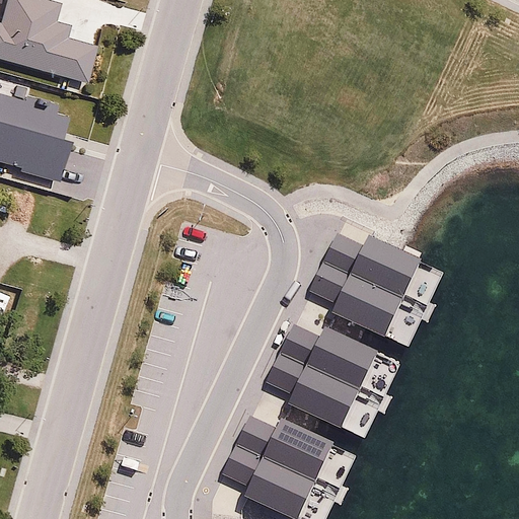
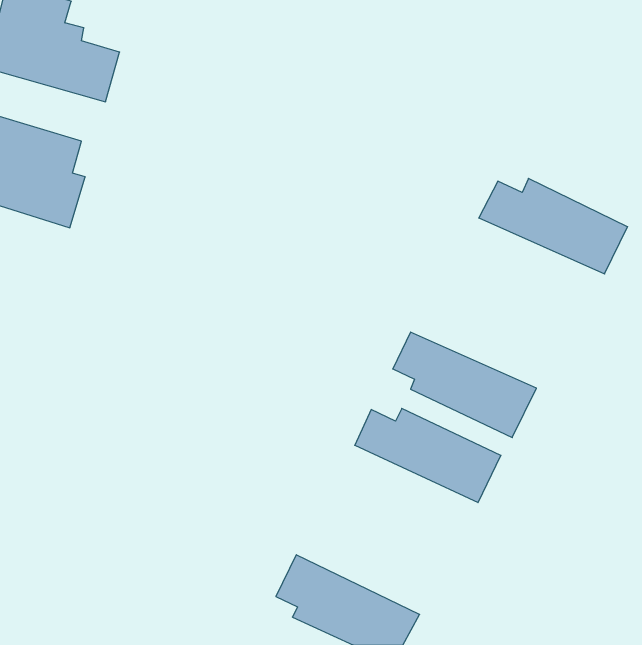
building: [327,233,446,309] -> [479,178,628,274]
building: [268,355,381,441] -> none
building: [236,415,352,490] -> none

